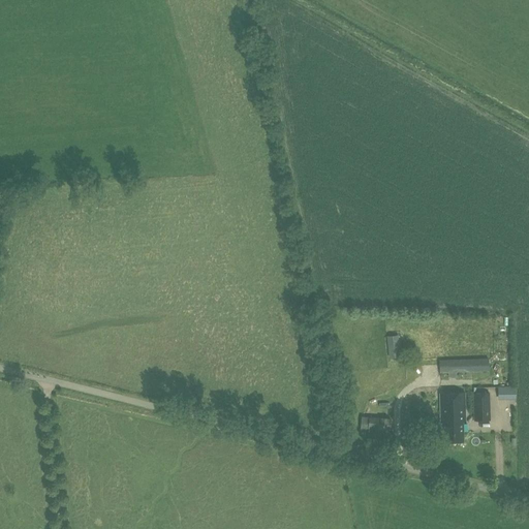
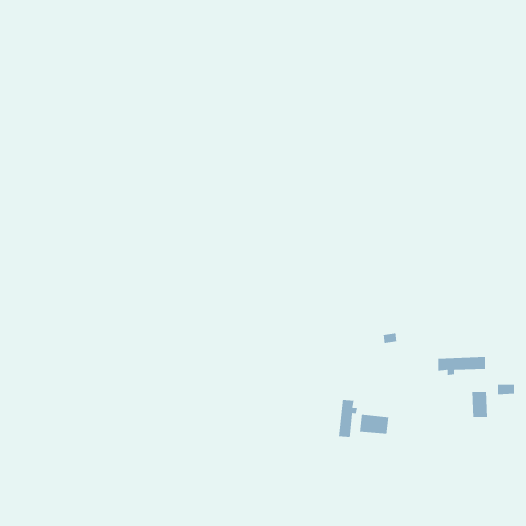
building: [440,392,465,440] -> none
building: none -> [338,399,358,438]

